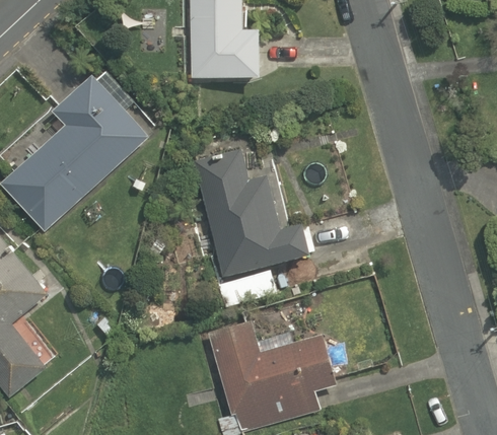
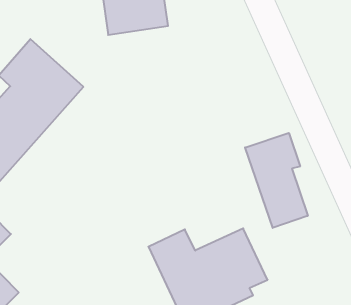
building: [194,148,310,305] -> none
building: none -> [245,133,308,228]

